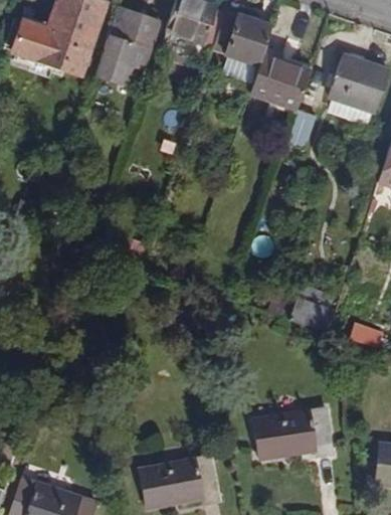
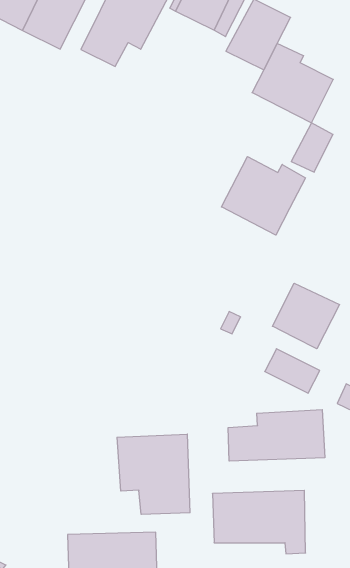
building: none -> [221,157,305,235]
building: none -> [272,283,340,349]
building: none -> [228,410,325,461]
building: none -> [117,434,190,514]

